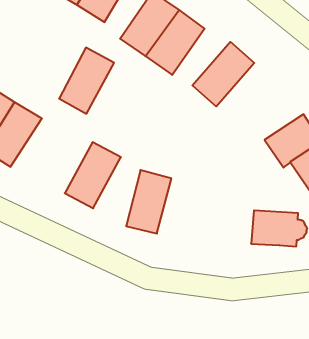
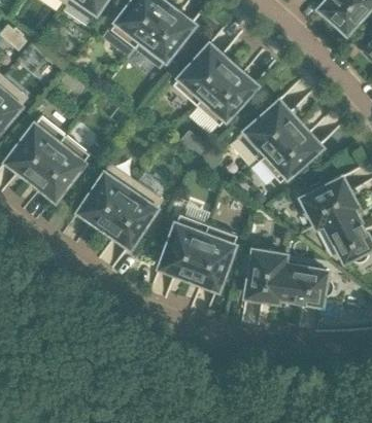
building: [59,48,114,114] -> [79,166,136,230]
building: none -> [259,124,320,184]
building: none -> [189,226,237,289]
building: none -> [246,252,285,302]

